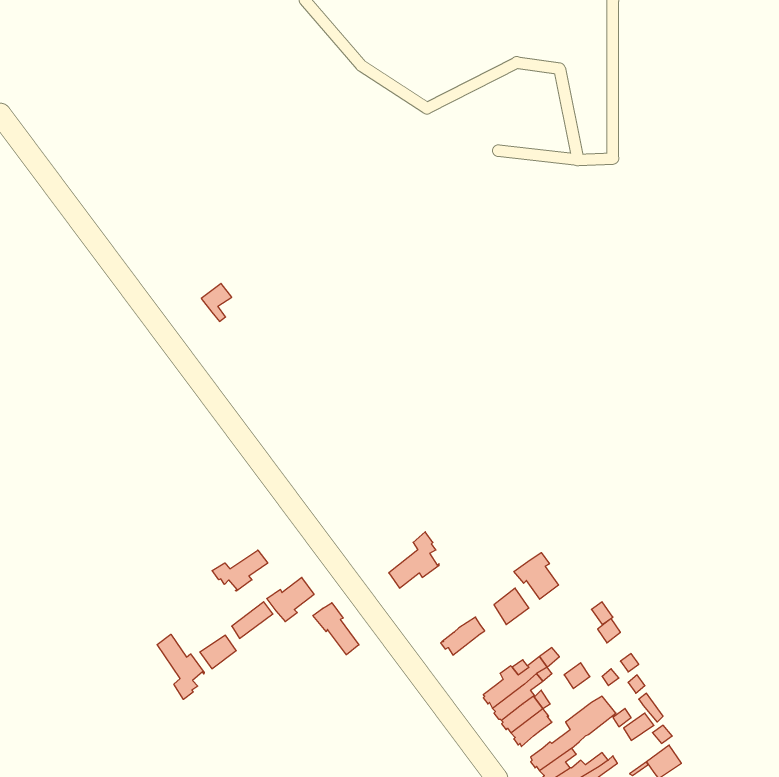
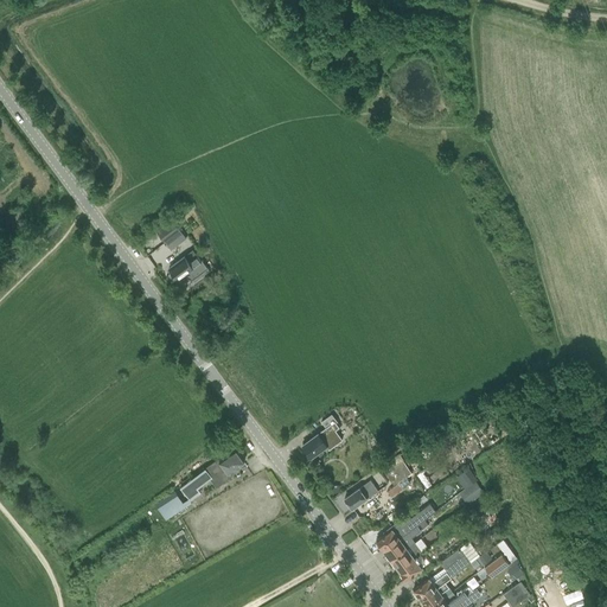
building: none -> [168,253,209,283]
building: [212,550,268,591] -> none
building: [514,553,559,599] -> none
building: [313,603,359,655] -> none
building: [157,634,204,699] -> none

